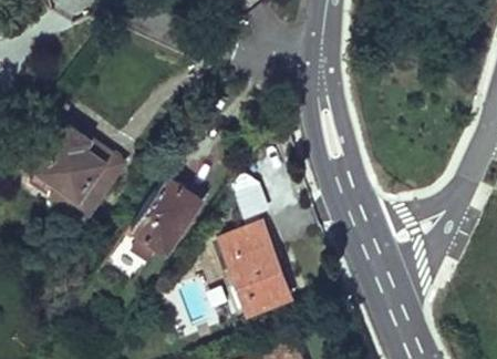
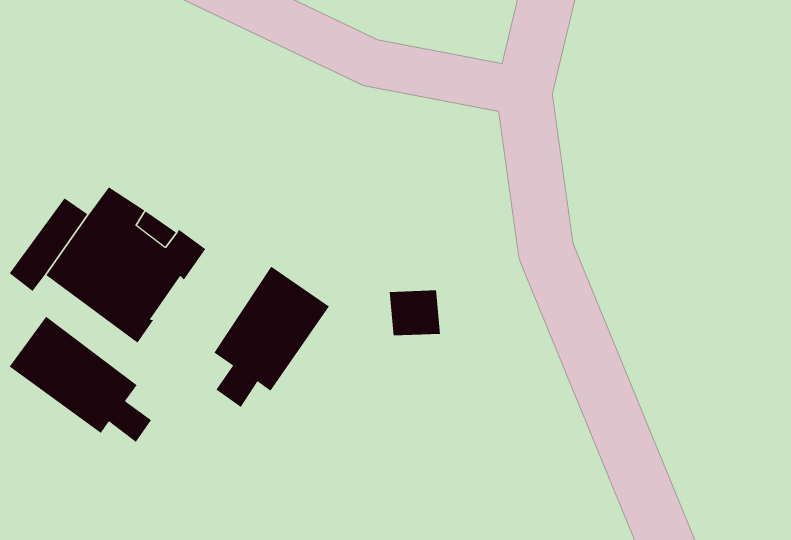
building: none -> [9,316,152,443]
building: [221,223,291,312] -> none

